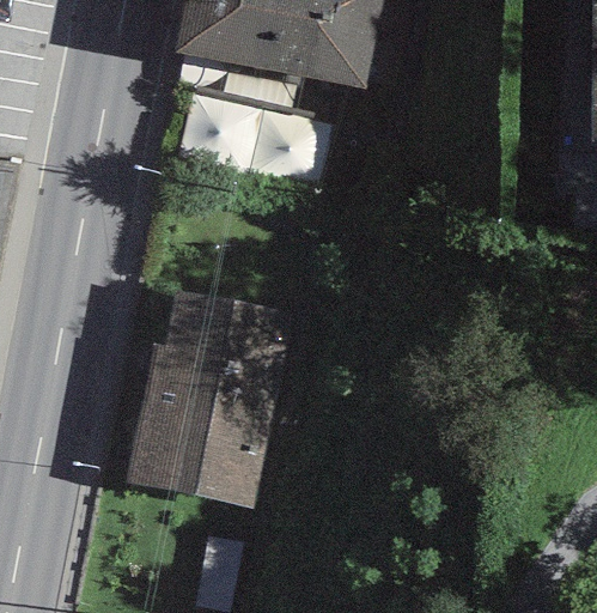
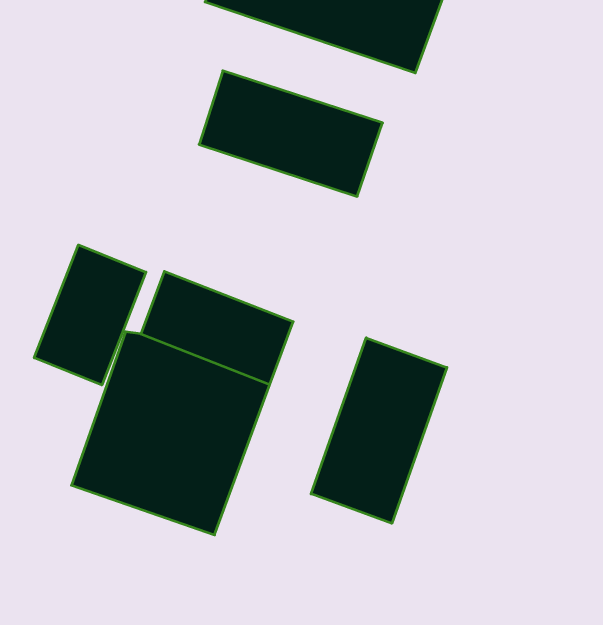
building: none -> [34,245,146,385]
building: none -> [311,338,447,523]

